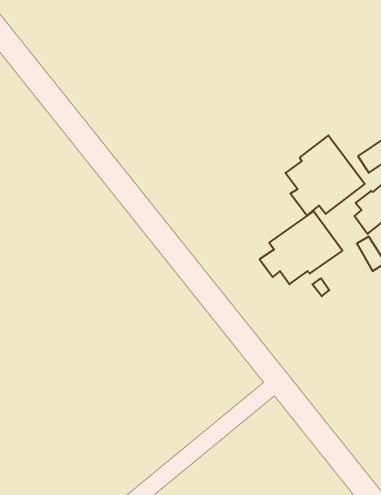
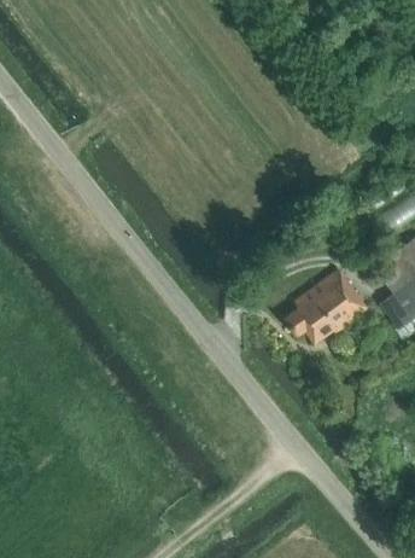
building: [285,135,365,216] -> none

